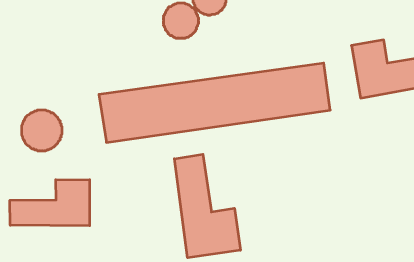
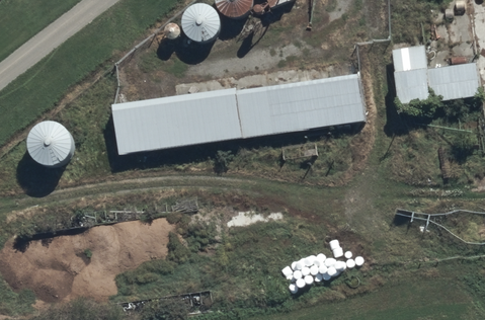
building: [174,154,240,258] -> none
building: [10,180,90,226] -> none

